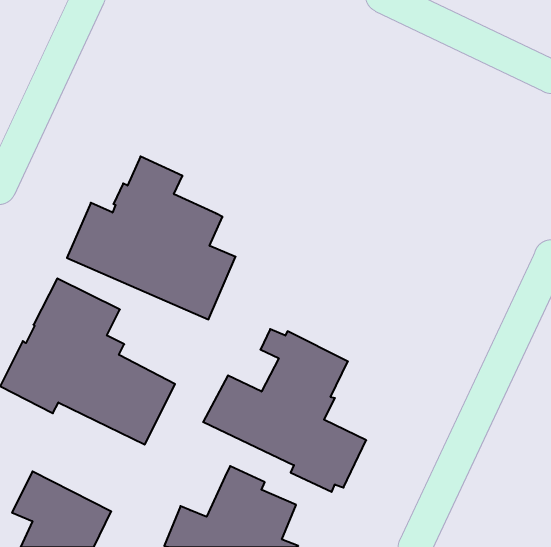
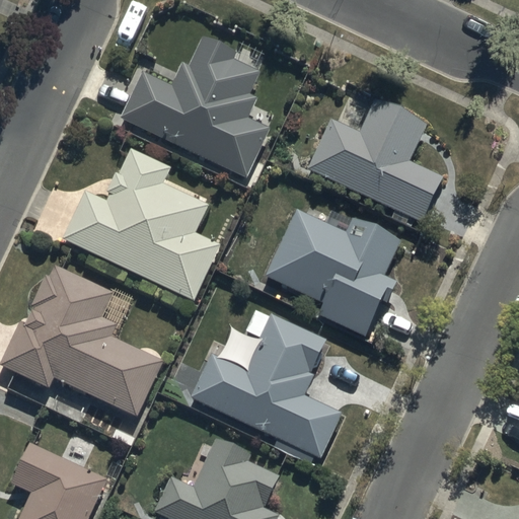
building: none -> [121,38,271,178]
building: none -> [307,97,443,226]
building: none -> [267,209,399,337]

